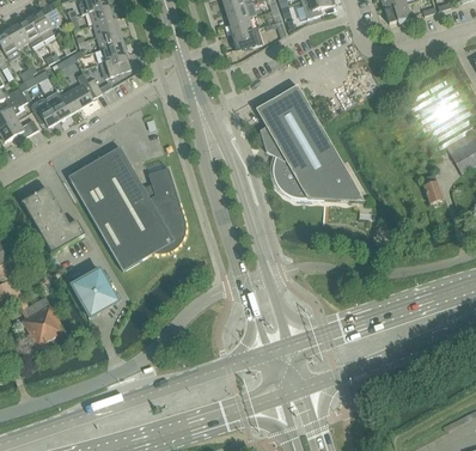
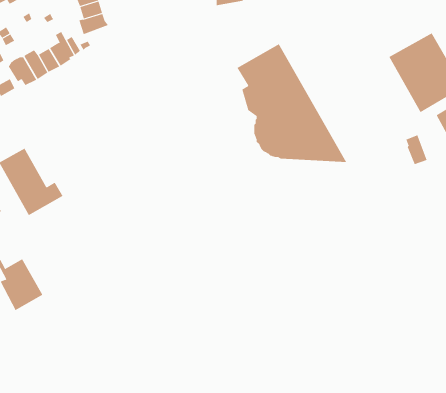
building: [68,146,185,269] -> none
building: [72,268,117,317] -> none

